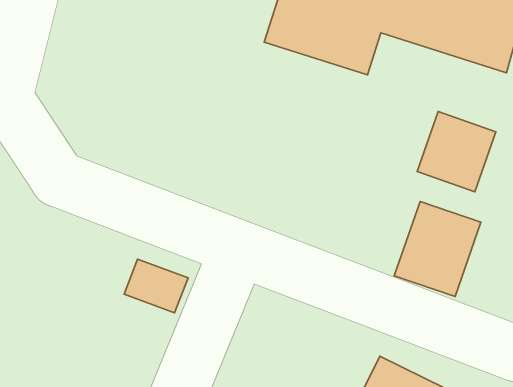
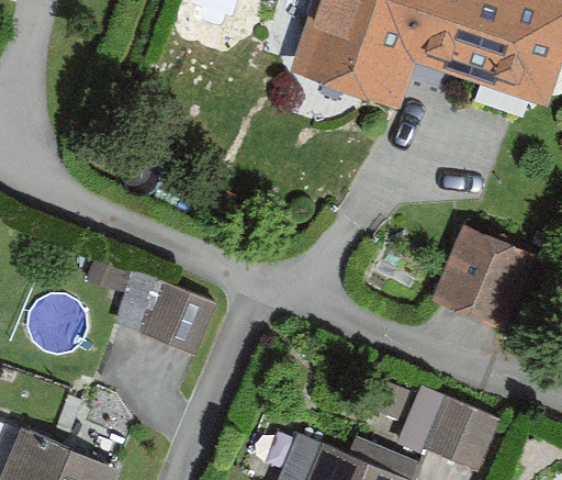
building: [417,111,496,192] -> none

